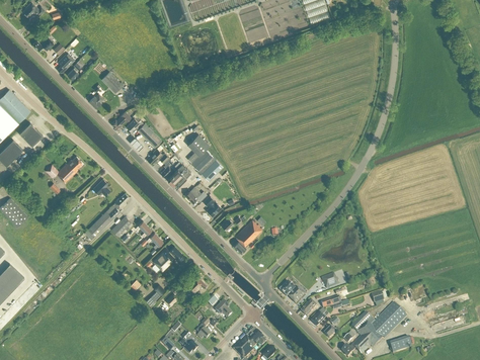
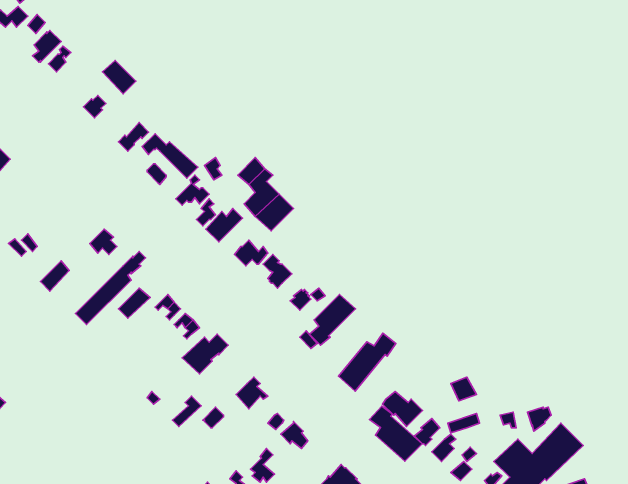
building: [46,156,83,182] -> none
building: none -> [338,333,396,391]
building: none -> [370,406,422,461]

